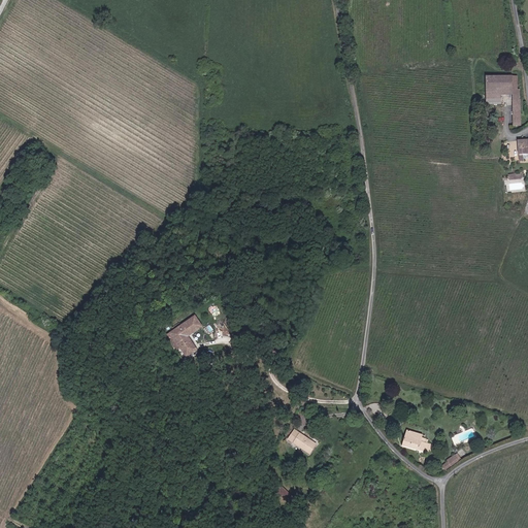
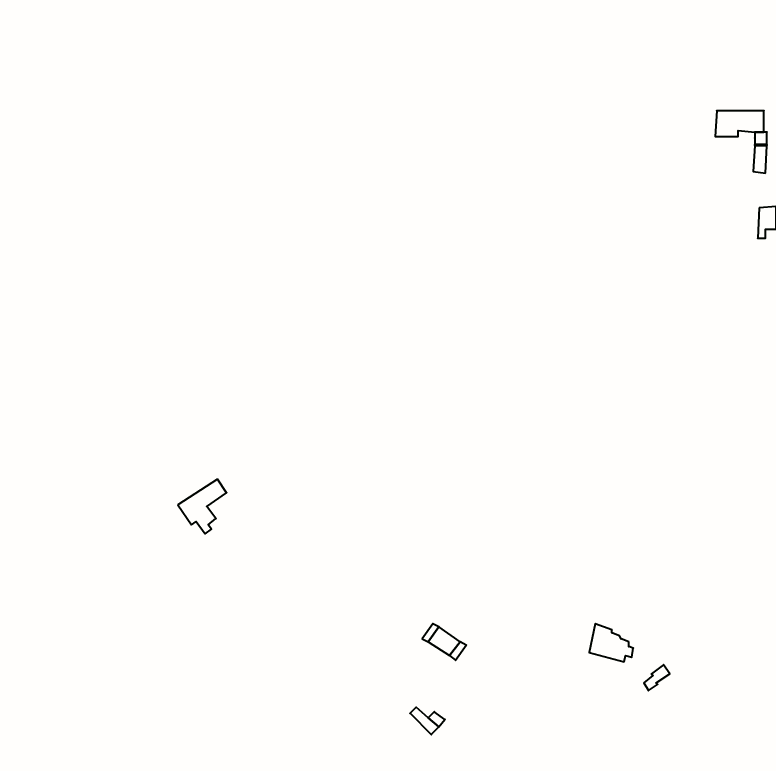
building: [165,316,198,353] -> [178,479,227,534]

